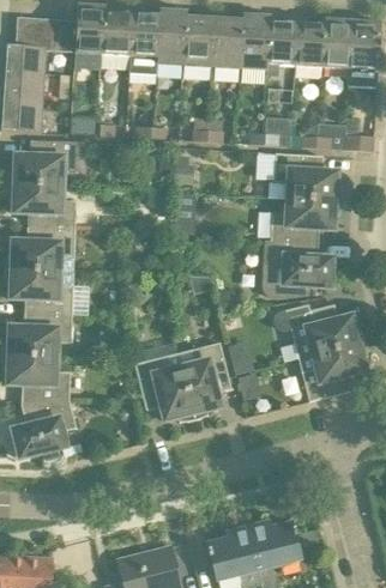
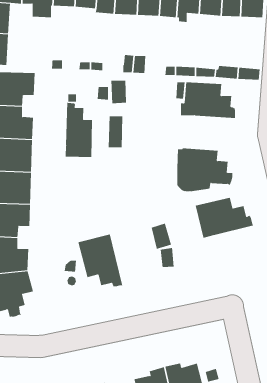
building: none -> [65,102,93,158]
building: [270,198,340,243] -> none
building: [176,341,230,420] -> none
building: [297,341,366,401] -> none

